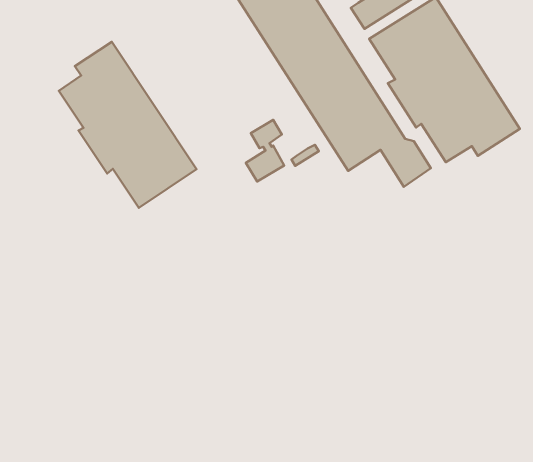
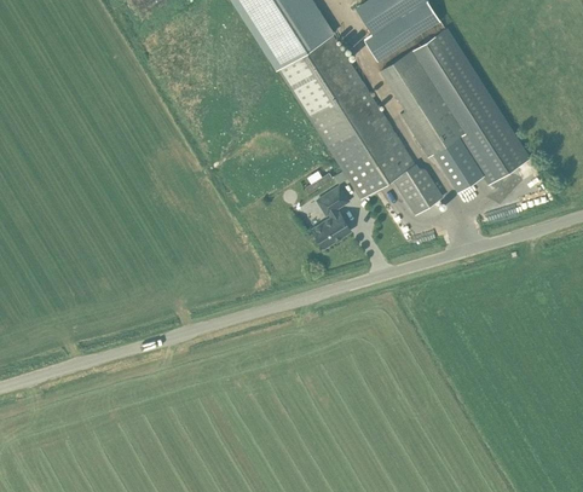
building: [59,42,197,208] -> none
building: [246,120,284,181] -> [313,186,351,247]

